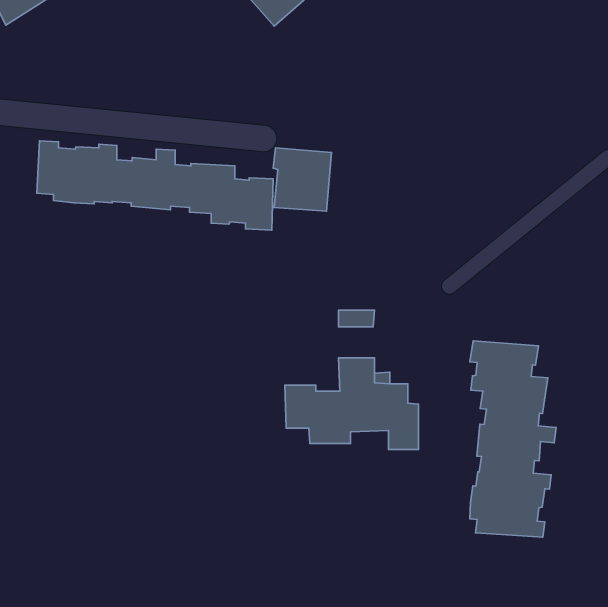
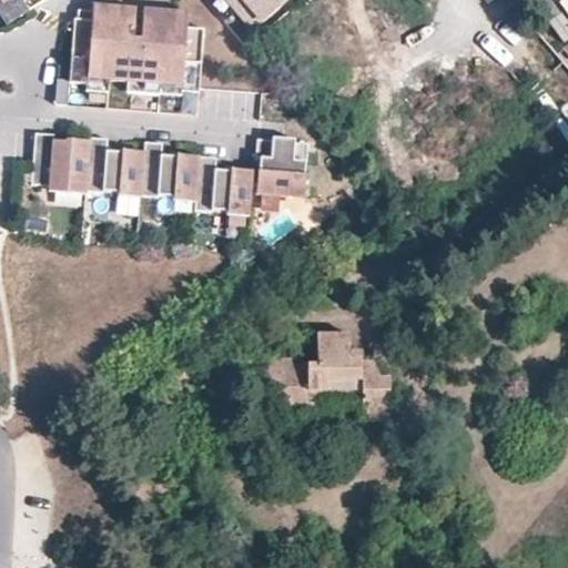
building: none -> [68,4,203,92]
building: [470,341,556,537] -> none

